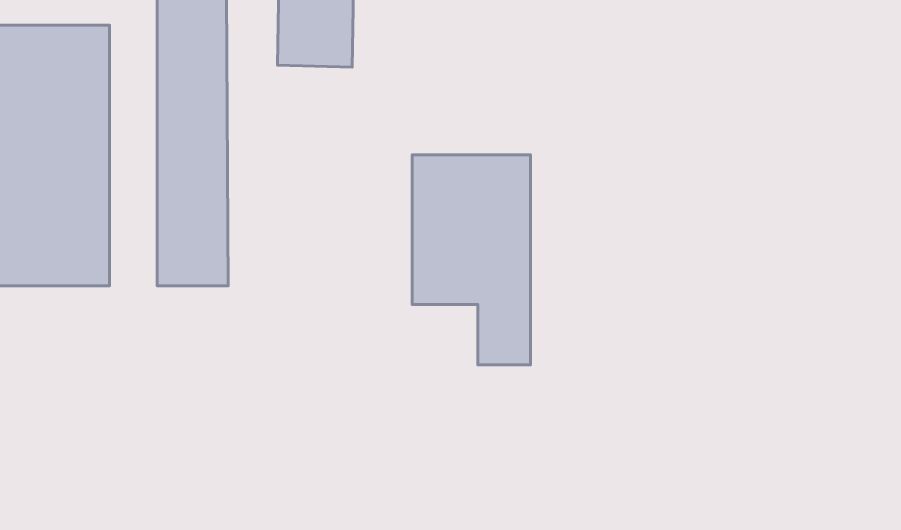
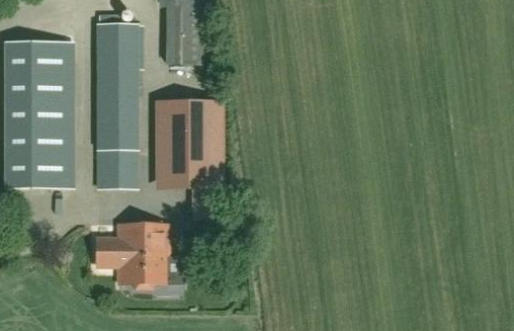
building: [412,155,531,365] -> [158,100,224,217]
building: none -> [97,224,169,283]

